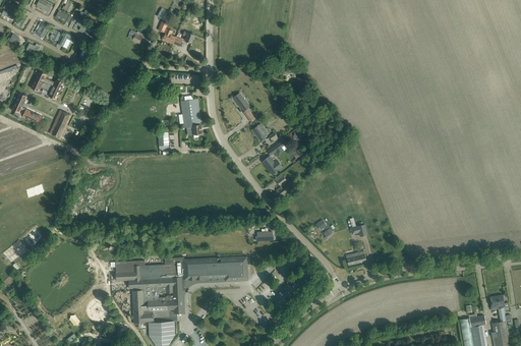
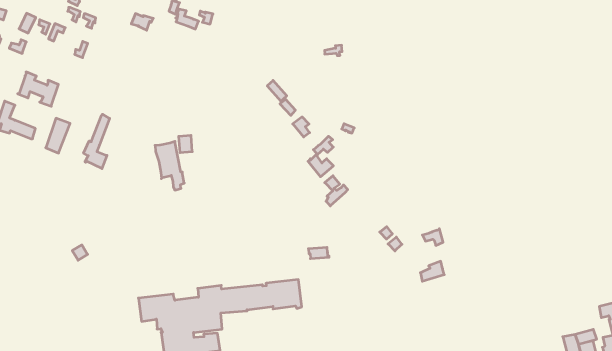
building: [181,99,202,138] -> [155,141,184,190]
building: none -> [84,114,110,169]

